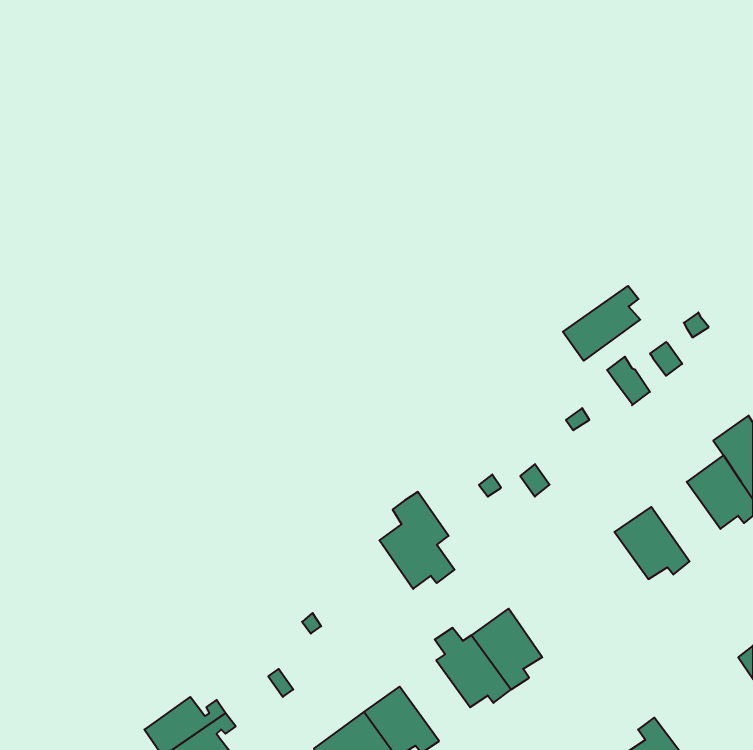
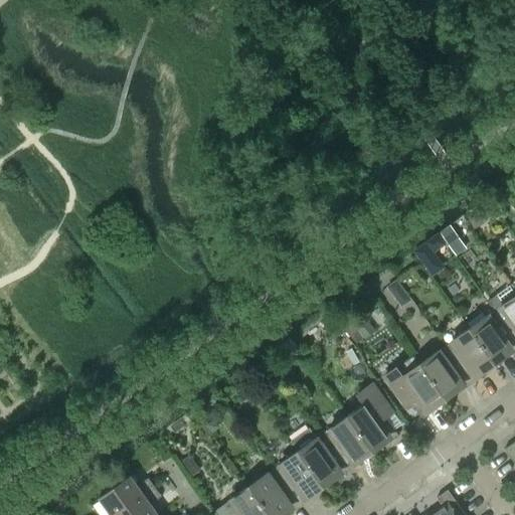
building: [563,286,640,361] -> none
building: none -> [445,331,492,385]
building: [379,492,455,589] -> [347,384,398,451]
building: none -> [383,357,443,420]
building: none -> [273,453,321,508]

